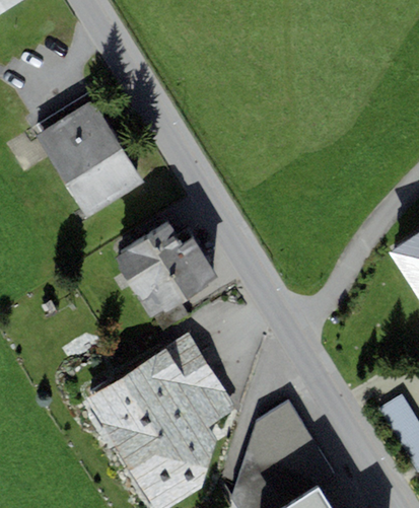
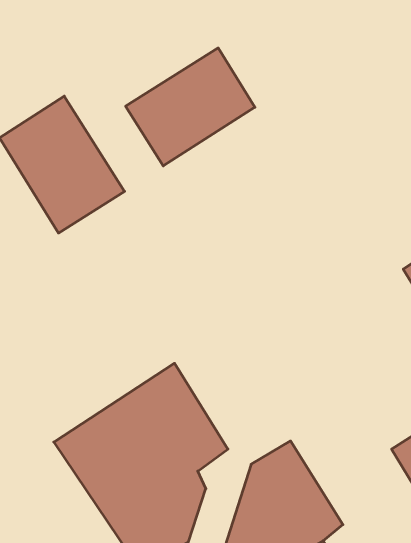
building: none -> [126,48,255,166]
building: [116,221,216,317] -> none

